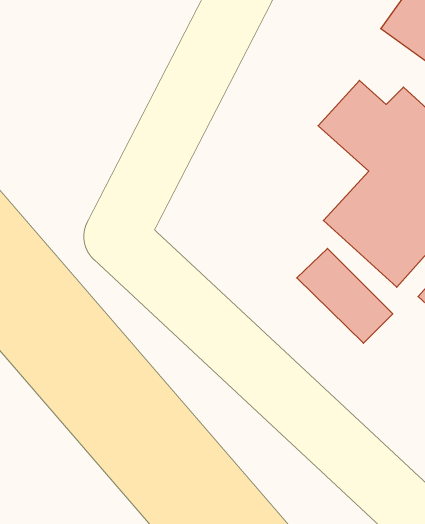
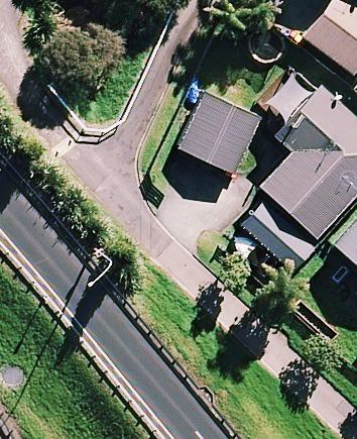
building: none -> [180,92,262,174]

